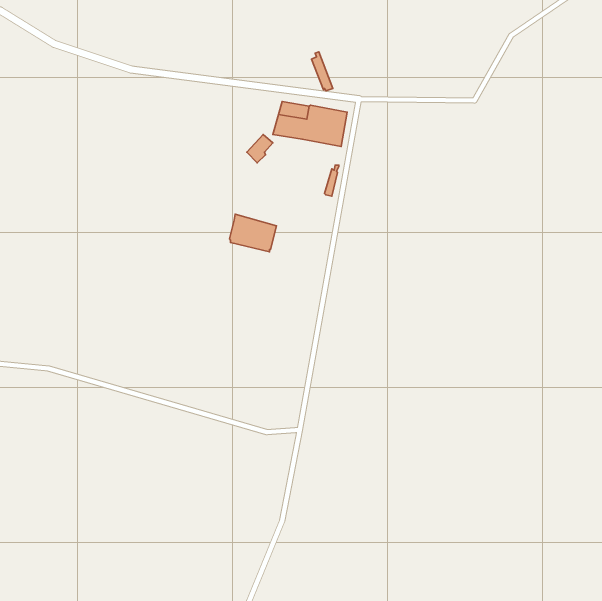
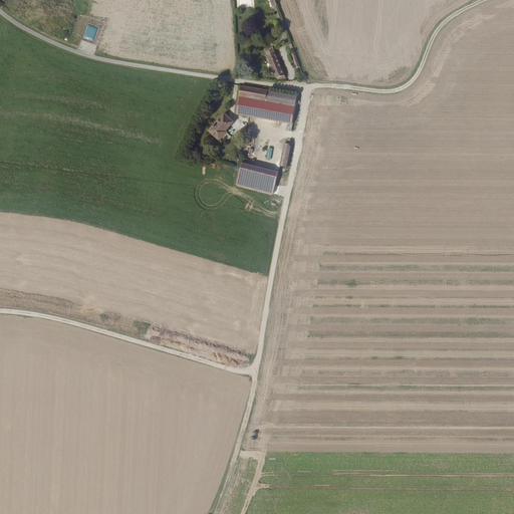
building: [229,214,277,252] -> [238,161,278,193]

